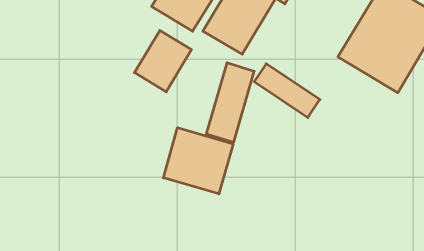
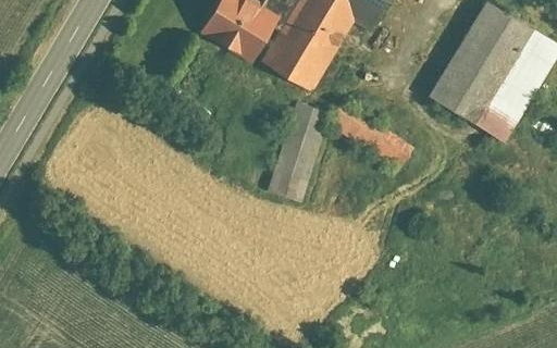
building: [134,30,191,92] -> none
building: [163,128,233,194] -> none

